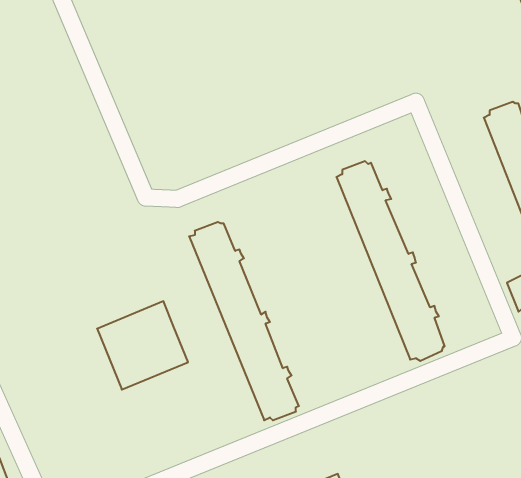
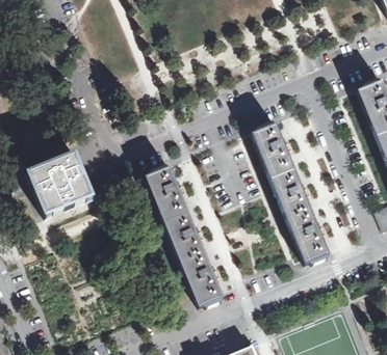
building: [97,301,188,390] -> [27,154,93,217]

